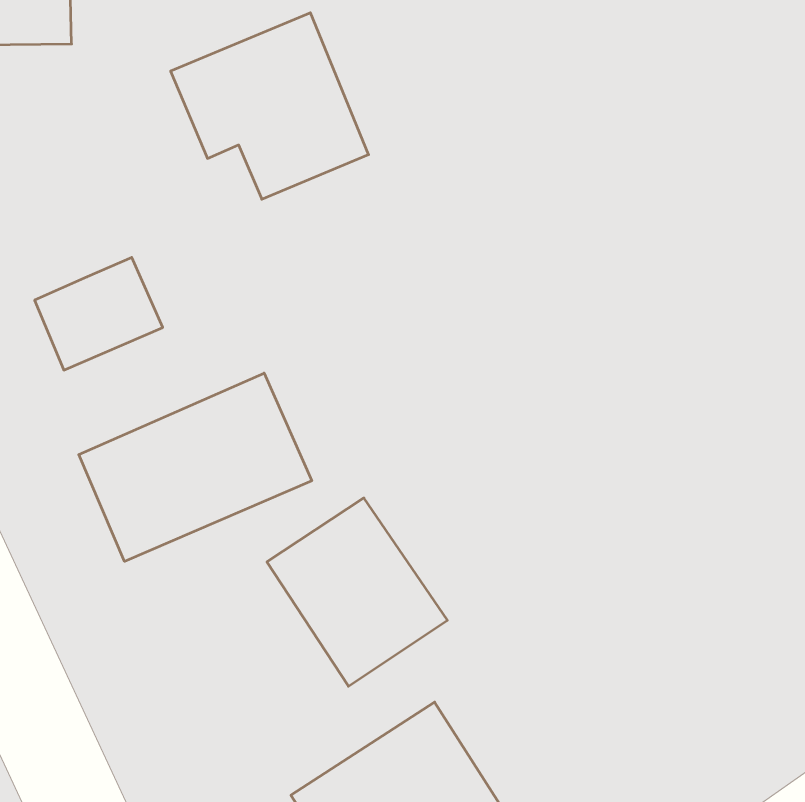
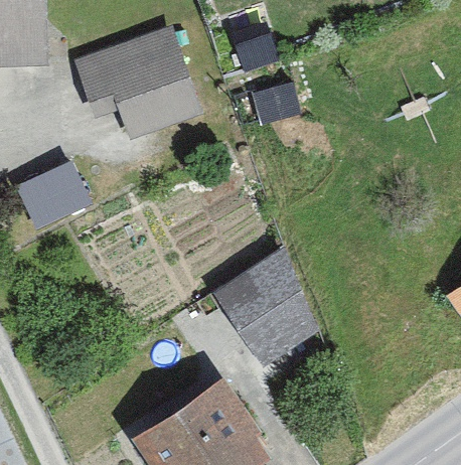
building: [79,373,312,561] -> none
building: [267,498,447,686] -> [219,266,313,363]

